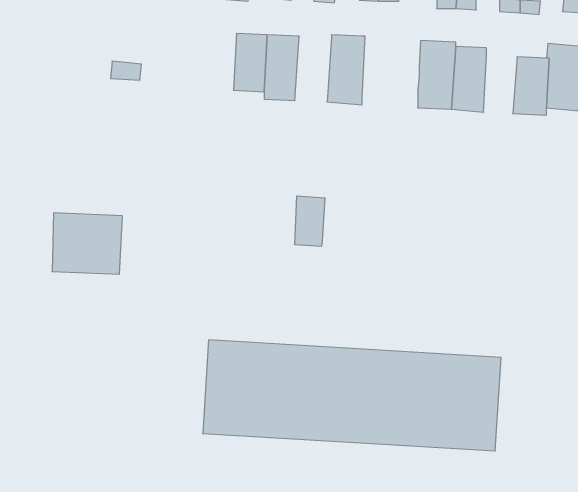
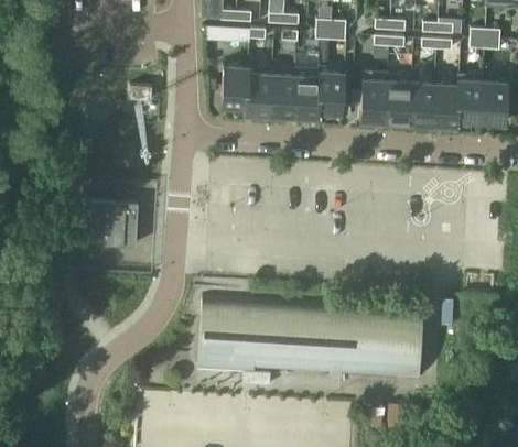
building: none -> [319,66,345,116]
building: none -> [268,68,295,118]
building: none -> [410,83,435,127]
building: [295,196,325,246] -> none

